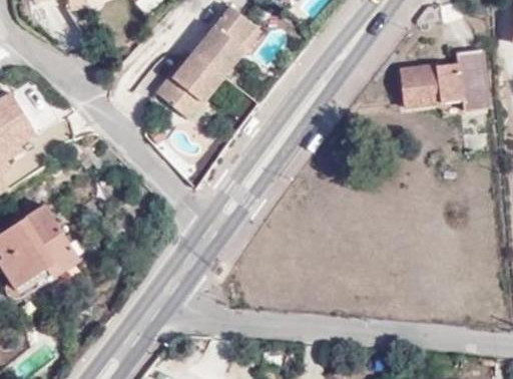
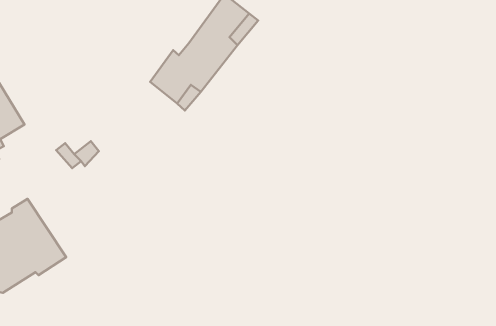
building: [403,42,487,105] -> none

